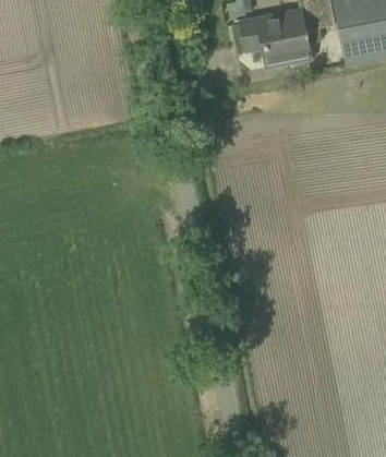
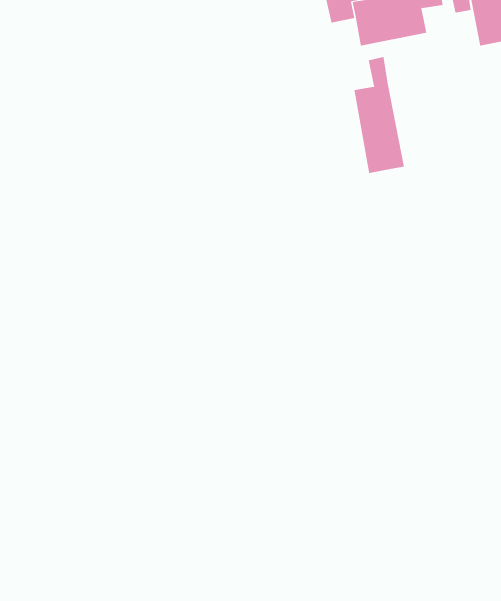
building: none -> [354,56,404,174]

